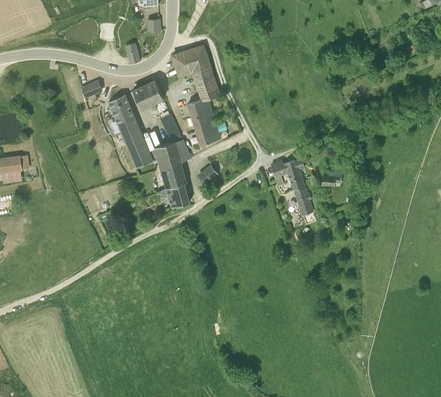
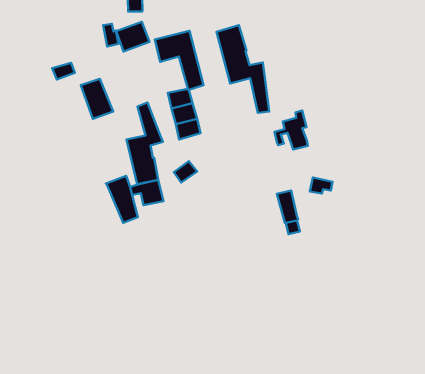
building: none -> [217,25,269,113]
building: [132,80,163,108] -> [116,22,149,51]
building: [120,123,151,166] -> [106,176,138,223]
building: [274,153,305,189] -> [275,111,308,149]

